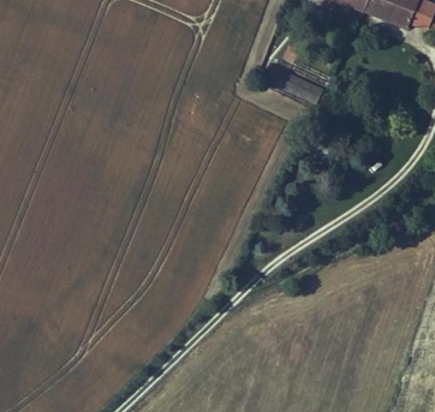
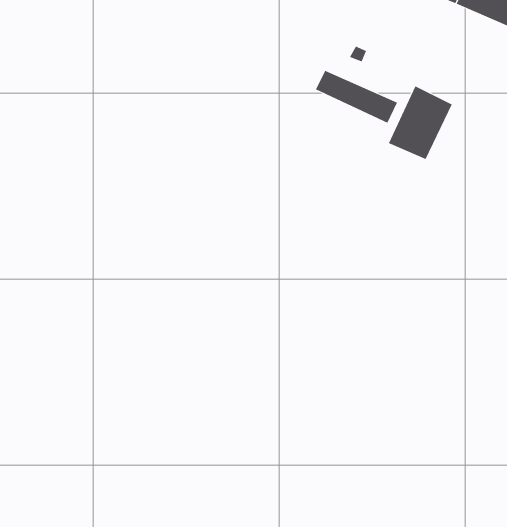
building: none -> [388,86,453,160]

